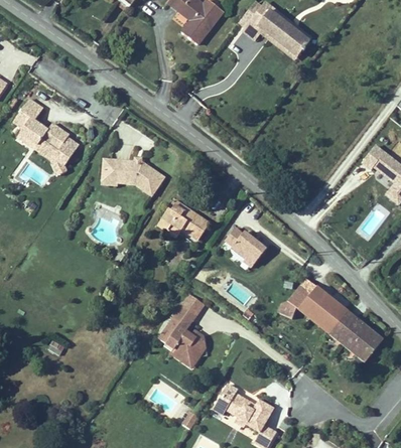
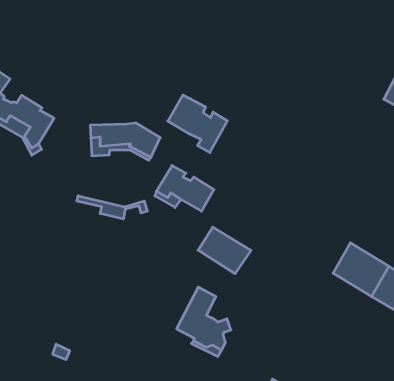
building: none -> [168,95,227,153]
building: none -> [77,196,147,219]
building: [224,226,269,268] -> [198,227,251,274]
building: [282,275,318,317] -> none

